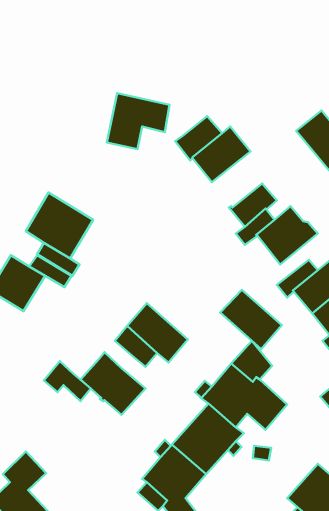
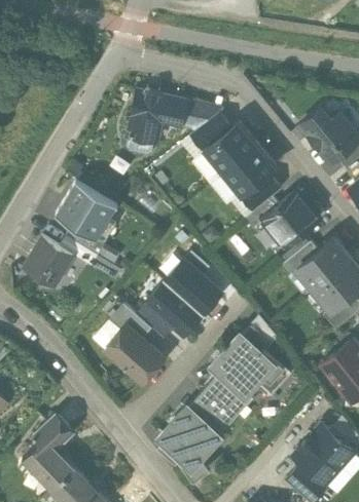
building: none -> [181,103,222,130]
building: none -> [223,145,276,195]
building: [220,290,282,349] -> [165,261,220,314]
building: [44,361,91,401] -> [109,304,151,340]

